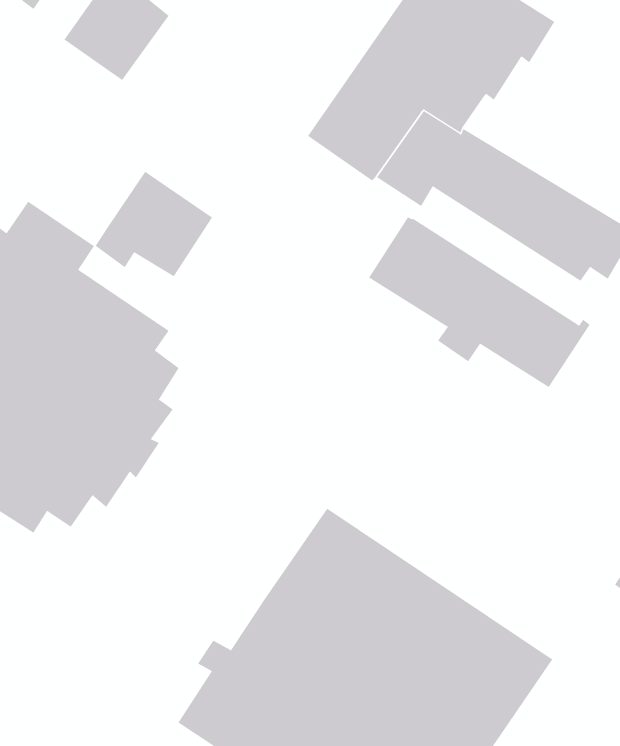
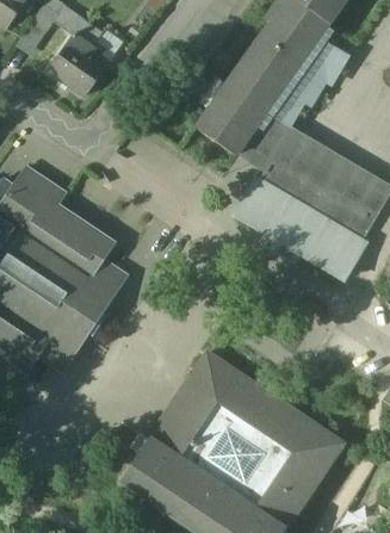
building: [95,171,213,277] -> none
building: none -> [260,159,378,242]

